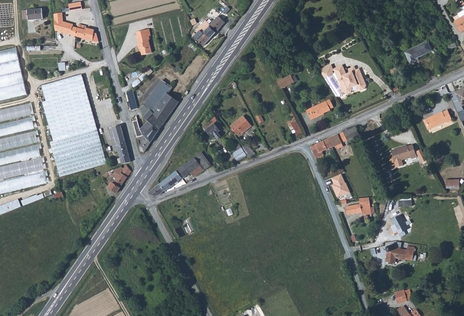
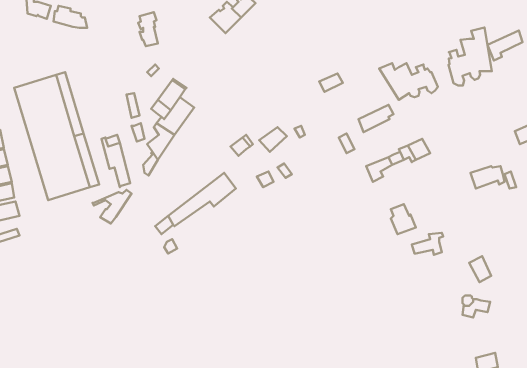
building: none -> [449,28,492,85]

